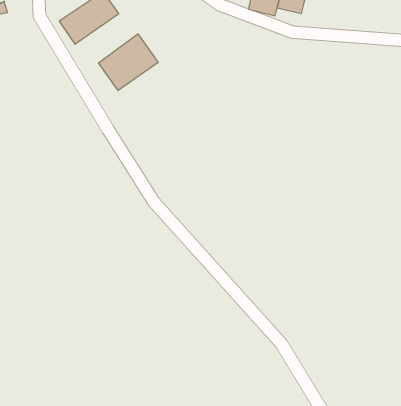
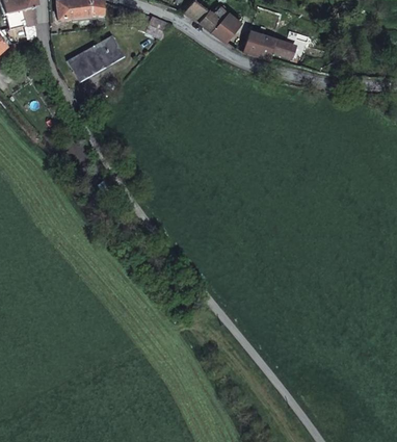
building: [99,34,158,91] -> none

